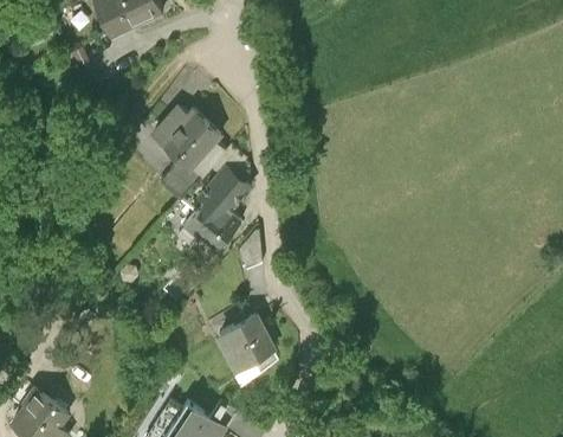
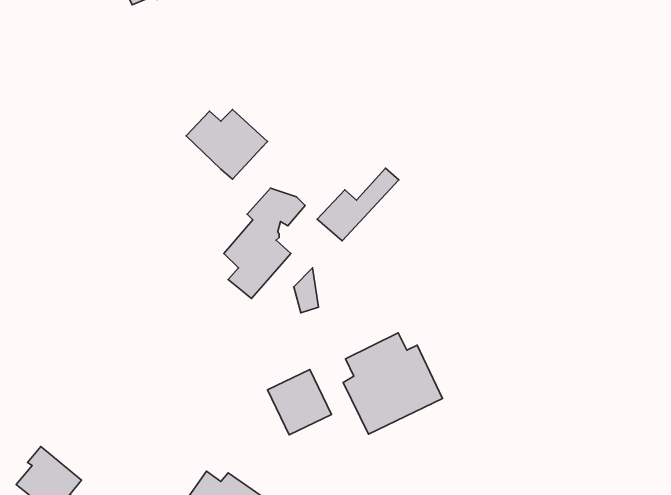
building: [160,137,226,197] -> [317,168,399,241]
building: none -> [343,333,442,434]

